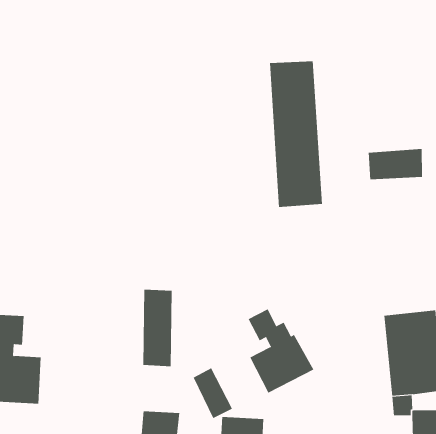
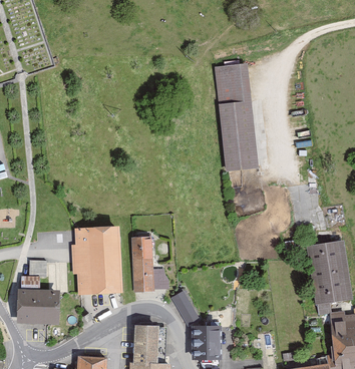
building: [368,148,422,180] -> none
building: none -> [70,224,124,295]
building: [248,309,314,394] -> none

